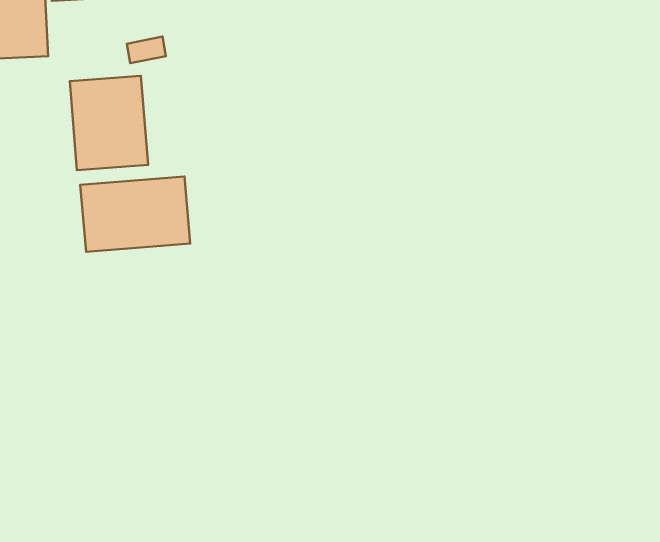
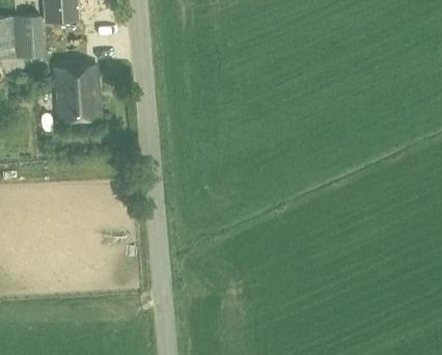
building: [80,176,190,252] -> none

